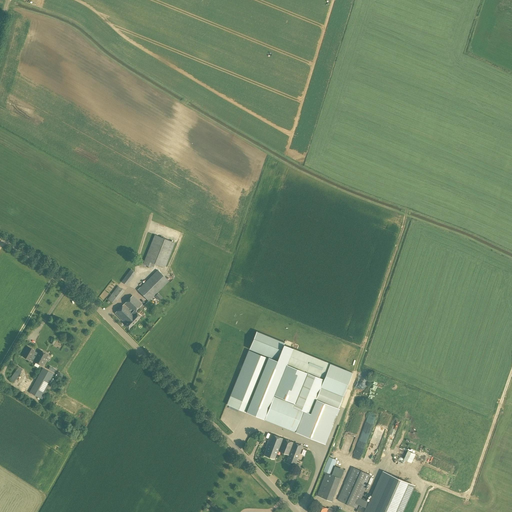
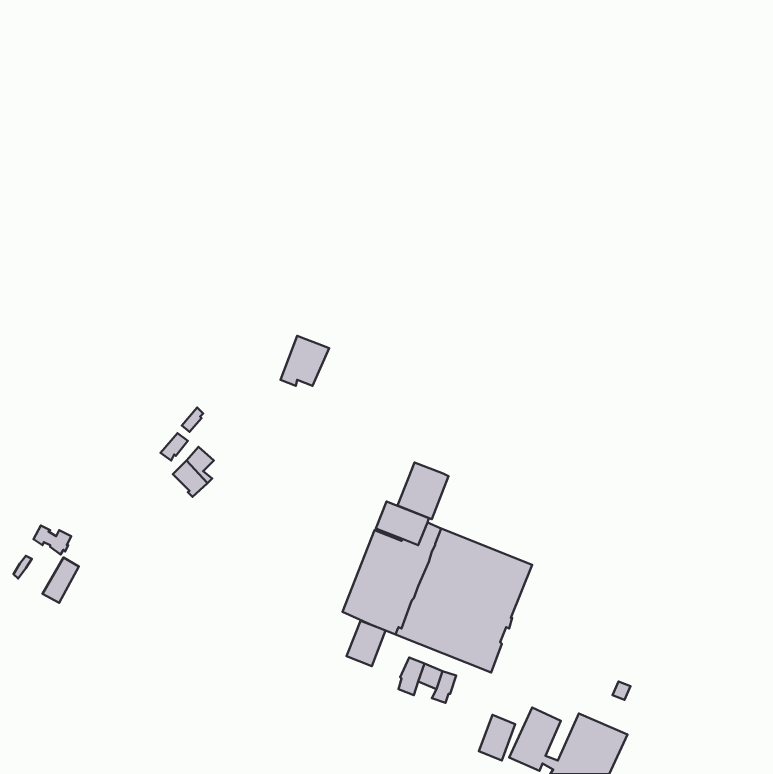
building: [142,235,174,268] -> [281,336,329,386]
building: [136,270,168,301] -> none
building: none -> [398,462,449,519]
building: none -> [347,621,386,666]

